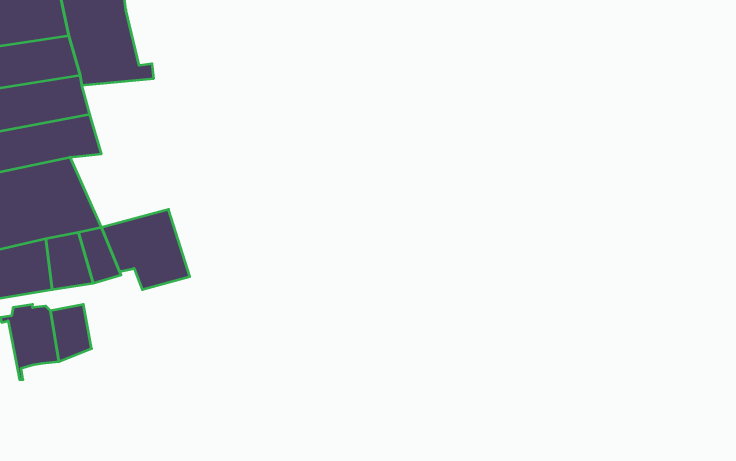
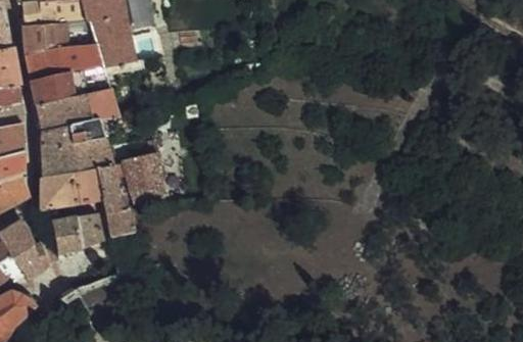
building: none -> [105,196,136,238]

